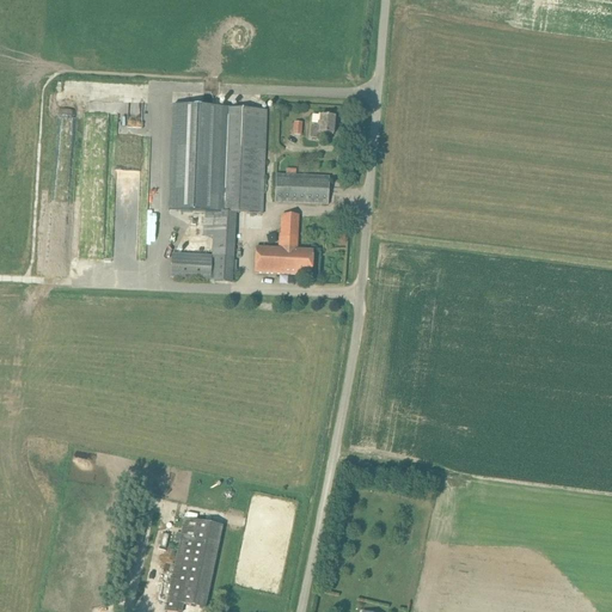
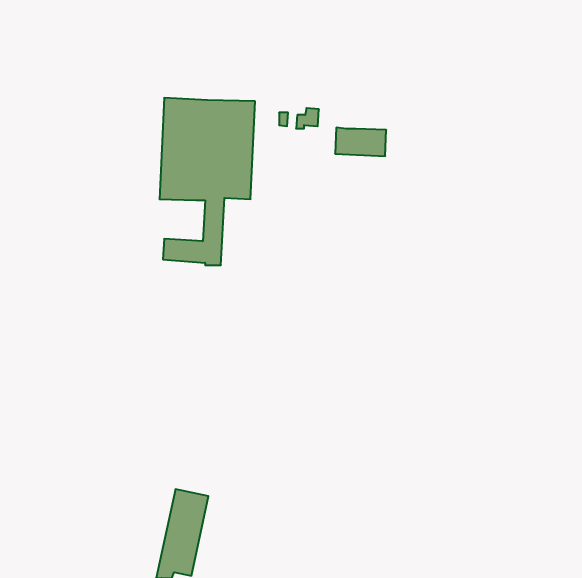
building: [275,172,329,202] -> [335,128,386,156]
building: [253,212,313,274] -> none

